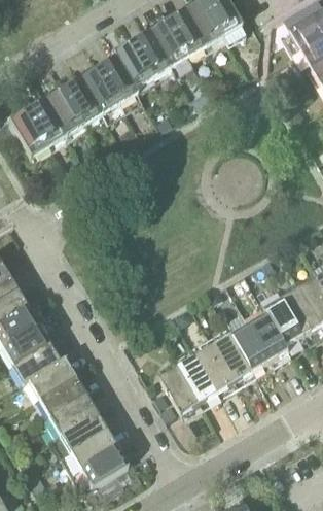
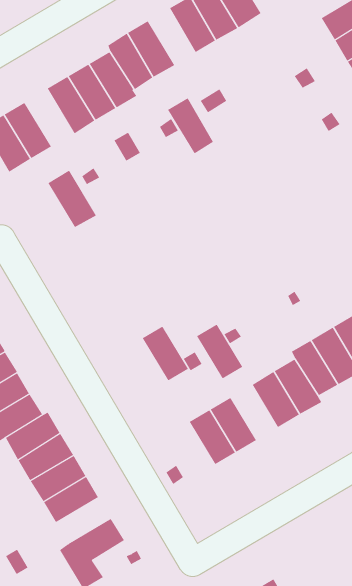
building: [145,20,184,67] -> [167,97,214,154]
building: [42,87,83,135] -> [47,170,97,228]
building: [214,334,253,380] -> [196,324,243,379]
building: [162,365,201,411] -> [142,326,189,381]
building: [68,428,114,467] -> none

